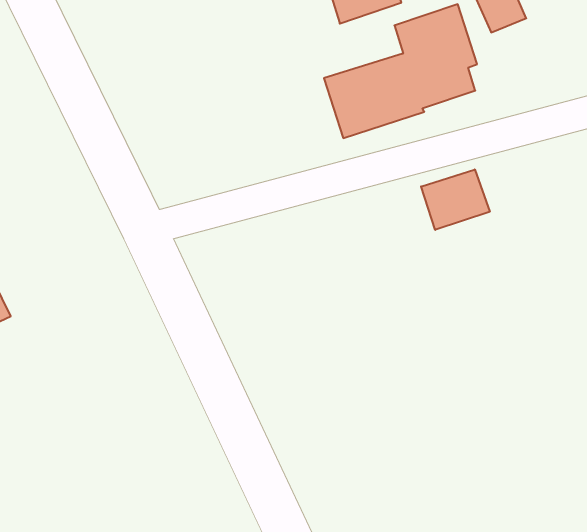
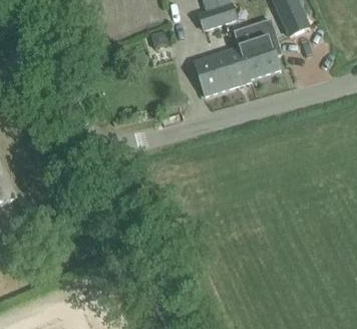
building: [421,169,490,230] -> none

